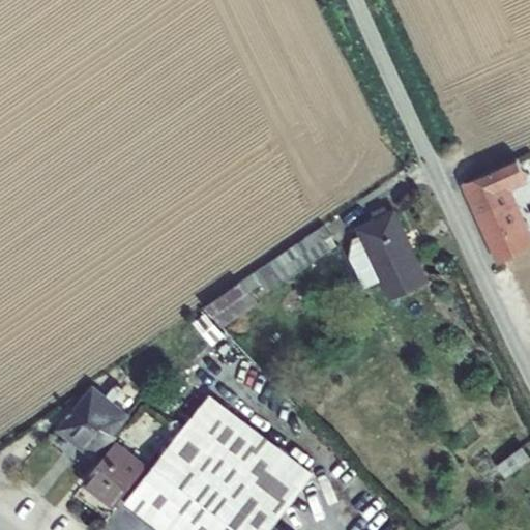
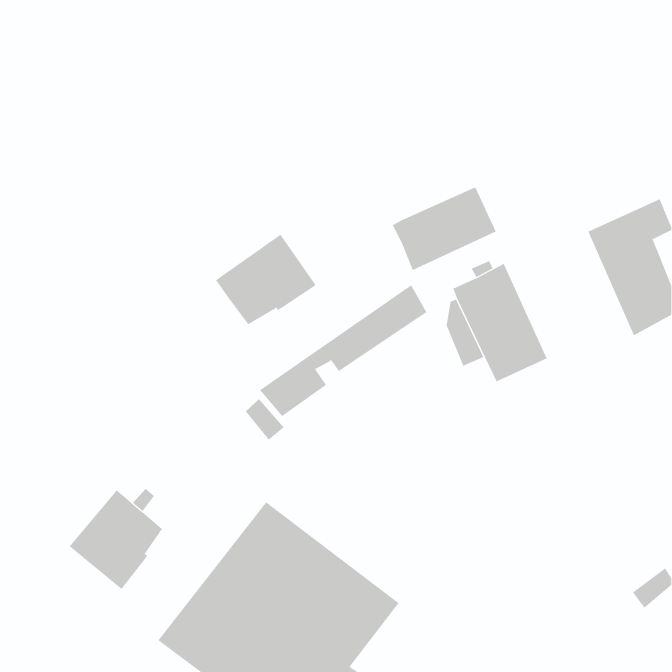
building: none -> [392,187,496,271]
building: none -> [215,234,316,325]
building: [80,441,146,510] -> none

